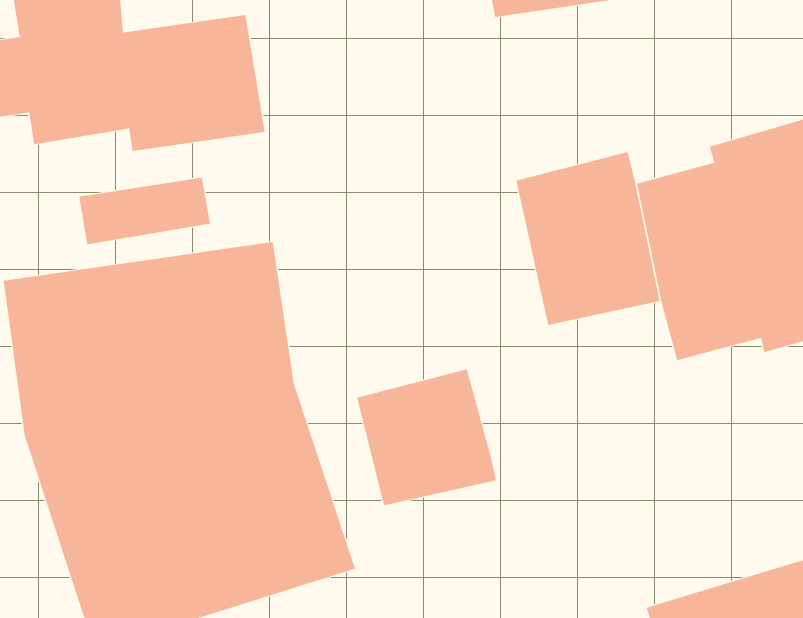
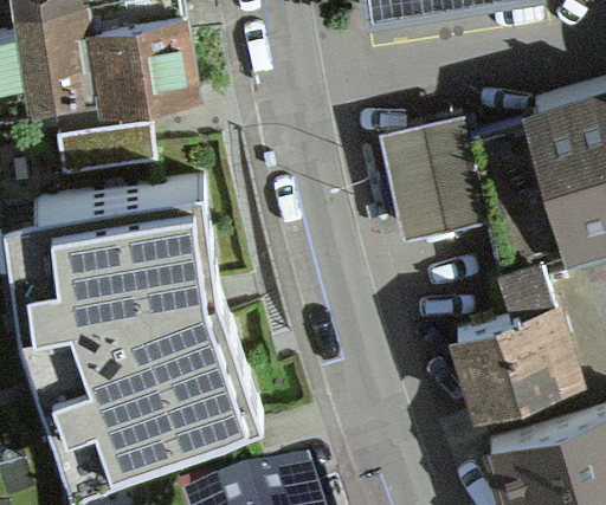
building: none -> [445,258,587,423]
building: [357,369,497,506] -> none

